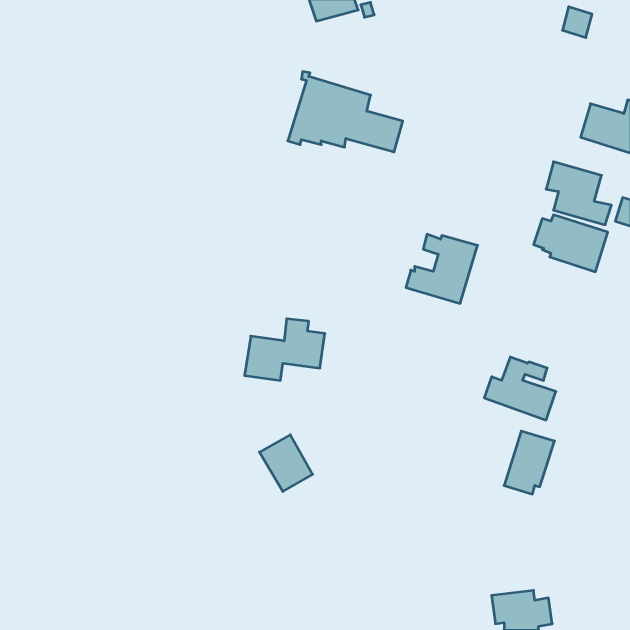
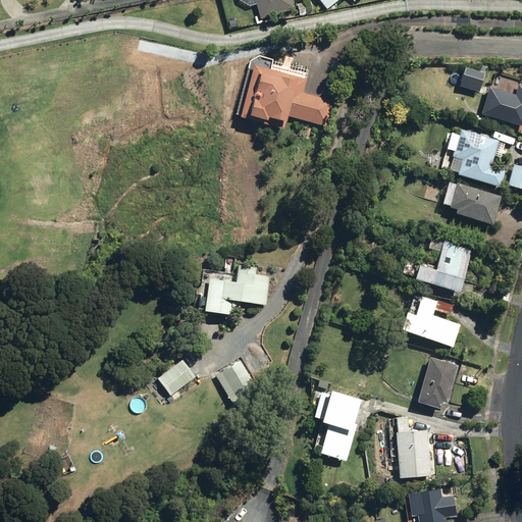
building: [562,7,592,38] -> [460,65,484,91]
building: [406,234,478,303] -> [414,234,473,292]
building: none -> [159,360,197,396]
building: none -> [316,393,358,457]
building: none -> [395,416,432,477]

